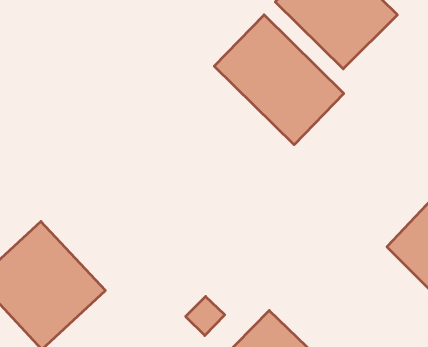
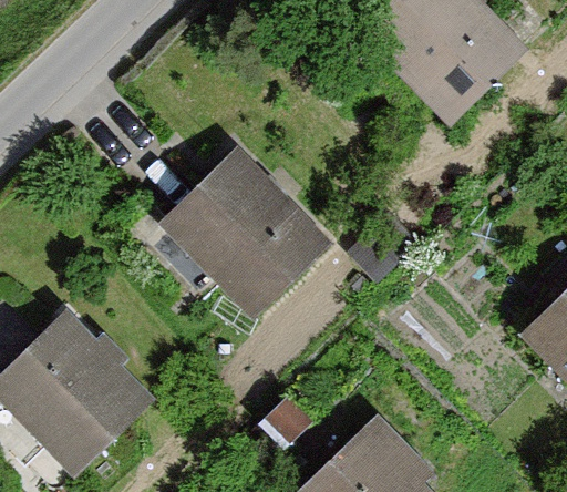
building: [214,15,344,145] -> none
building: none -> [175,156,329,309]

